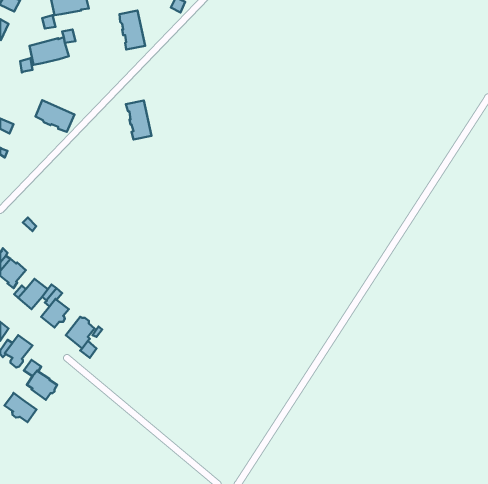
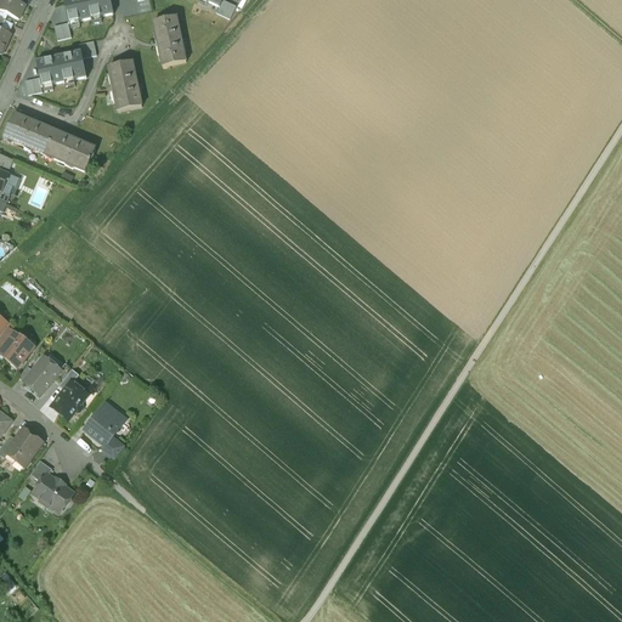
building: none -> [5,112,53,151]
building: [126,100,152,140] -> [108,58,141,108]
building: [4,393,37,422] -> none

